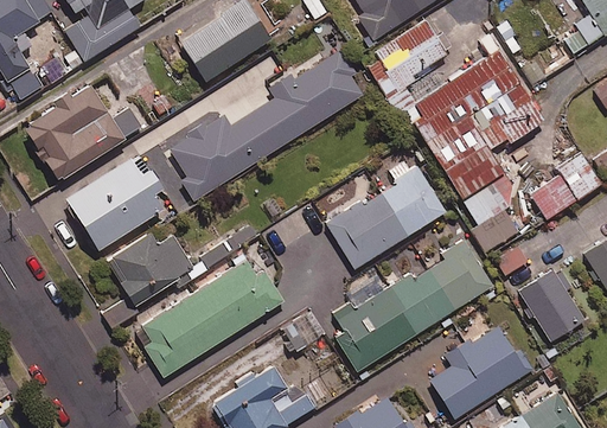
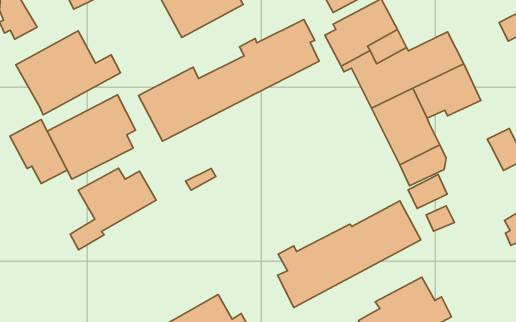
building: [327,159,446,268] -> none
building: [528,173,577,219] -> none
building: none -> [10,120,67,183]
building: [142,258,283,377] -> none
building: [517,267,584,343] -> none

